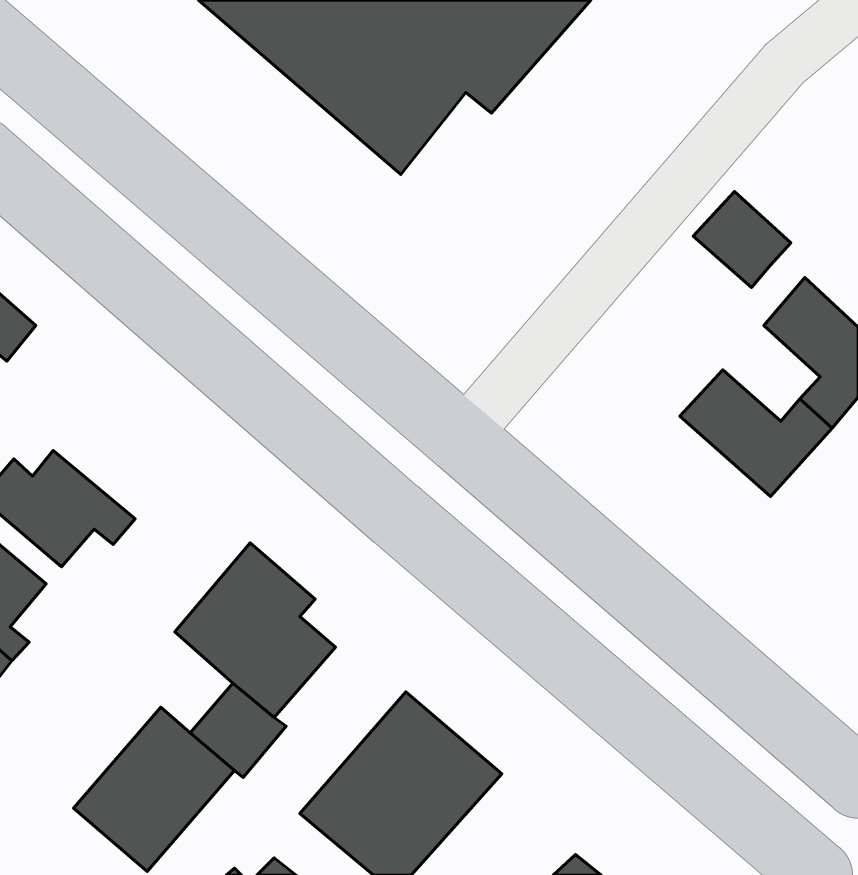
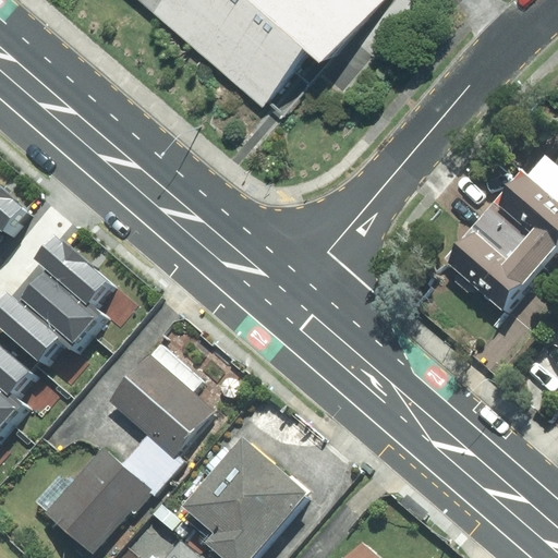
building: [693,192,791,287] -> [460,207,522,268]
building: none -> [34,238,108,330]

